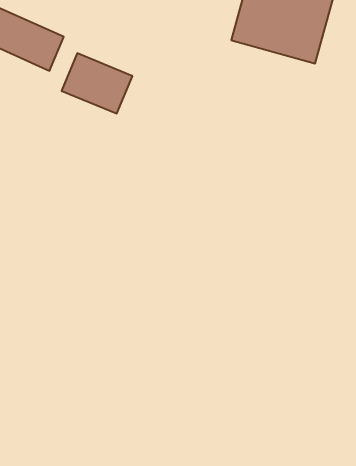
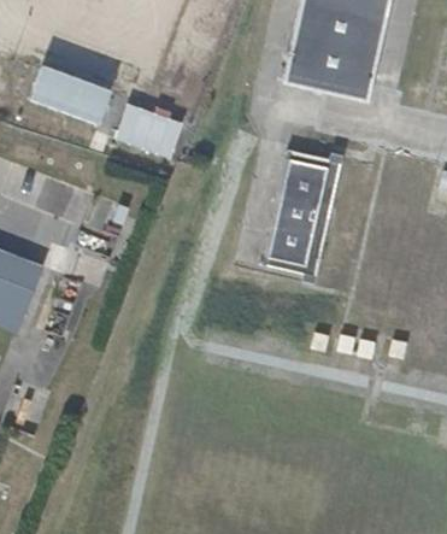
building: none -> [264,153,337,278]

